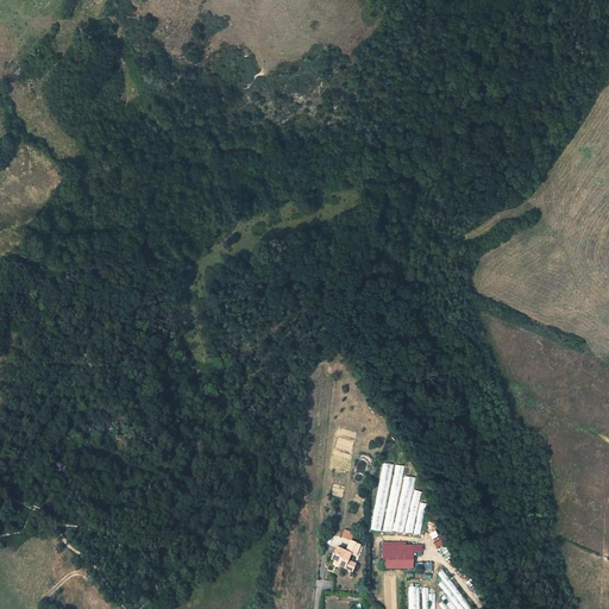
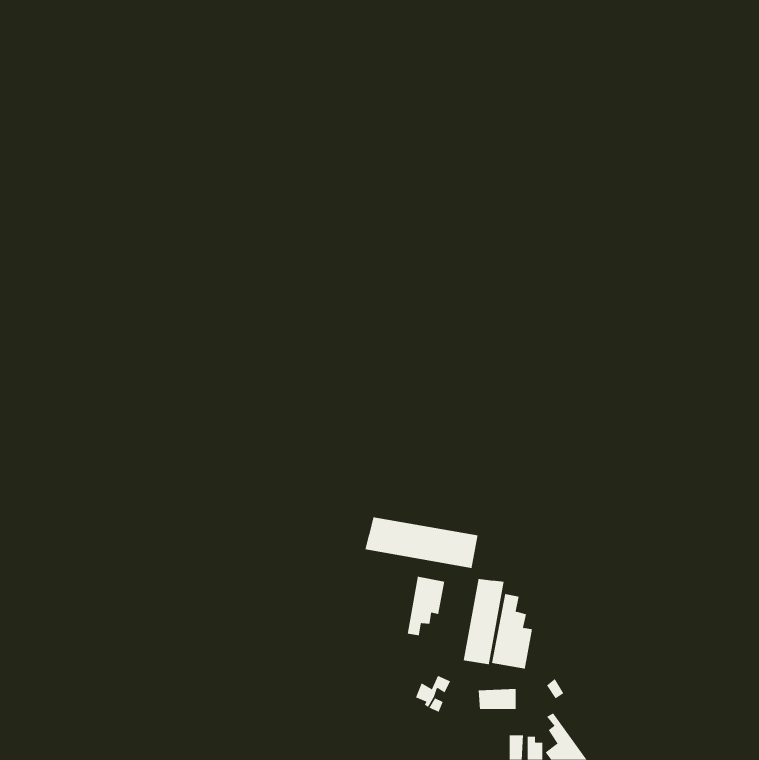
building: none -> [365,516,478,569]
building: none -> [407,576,445,636]

